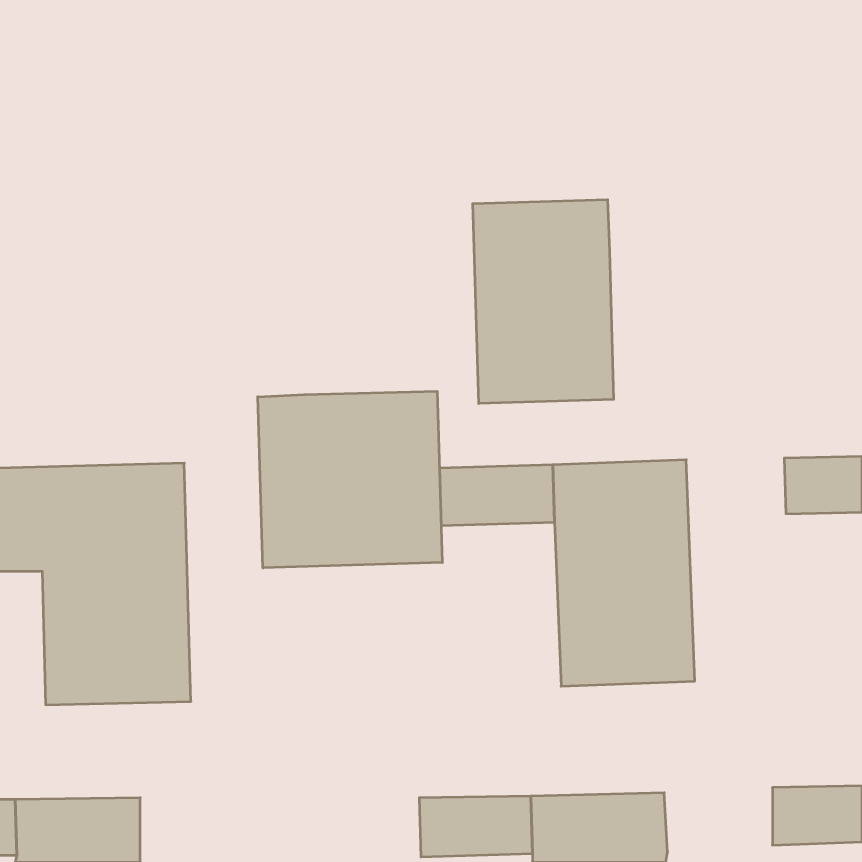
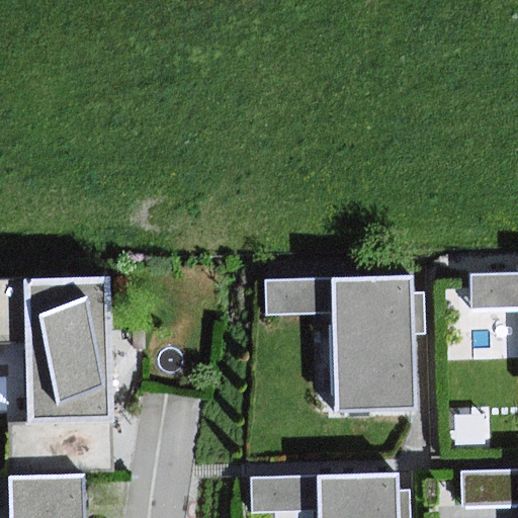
building: [473,200,614,404] -> none
building: [258,391,442,568] -> none

